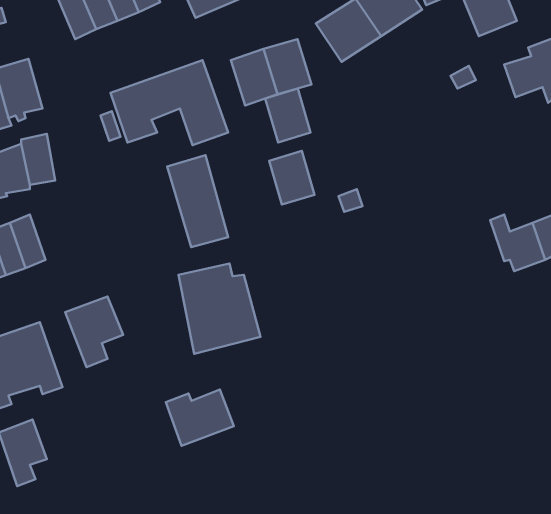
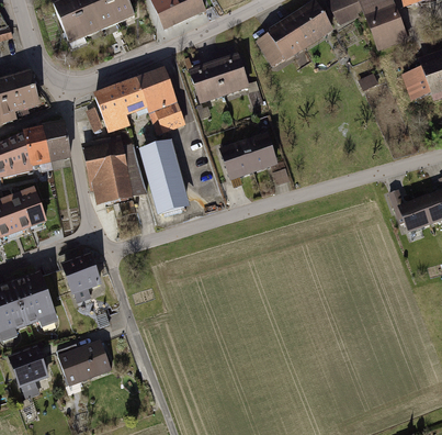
building: [265,89,311,142] -> [243,130,279,171]
building: none -> [45,119,72,160]
building: [179,263,261,354] -> [83,134,147,204]
building: [166,389,234,446] -> [56,341,109,384]

